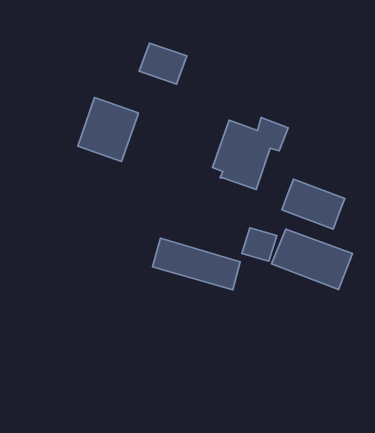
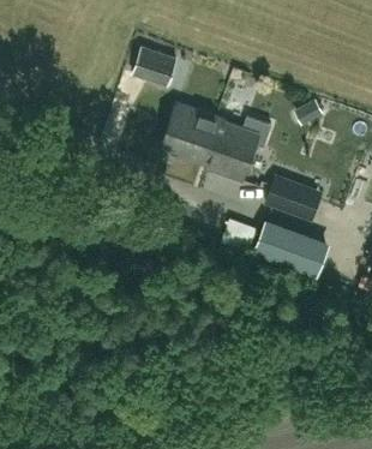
building: [78,97,138,162] -> [158,103,215,163]
building: [153,238,240,290] -> none

